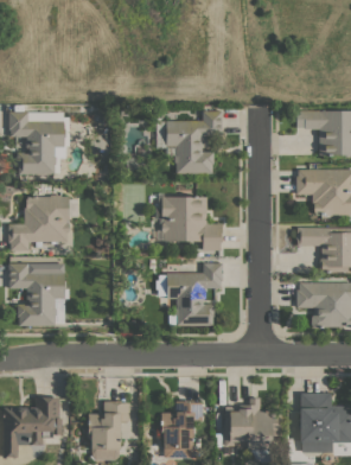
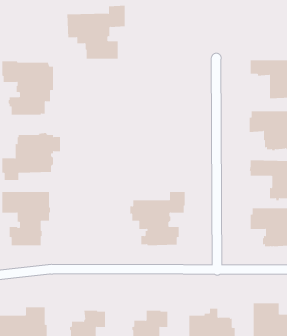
building: [153,110,222,173] -> [66,5,126,59]
building: [155,193,222,250] -> none

